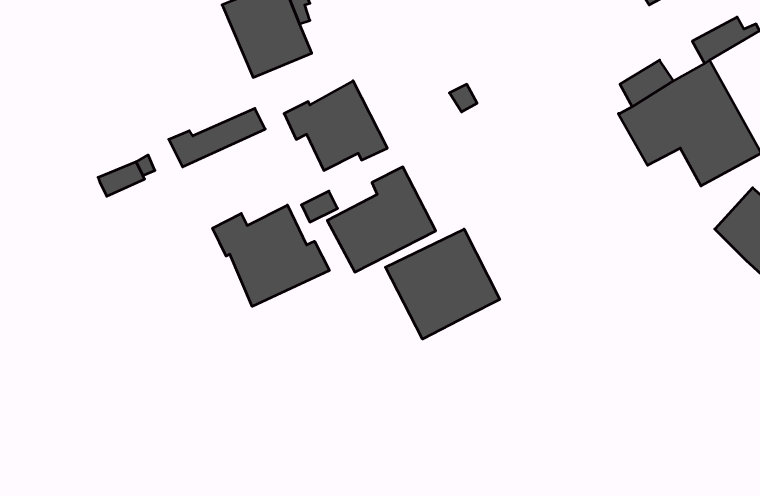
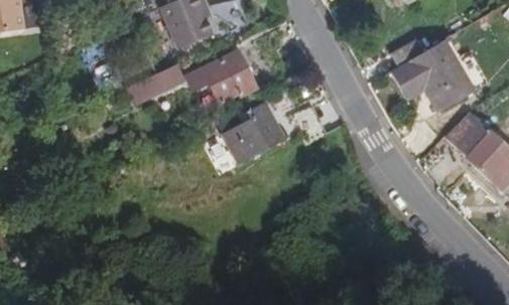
building: [213,205,329,306] -> none
building: [385,229,500,339] -> none

